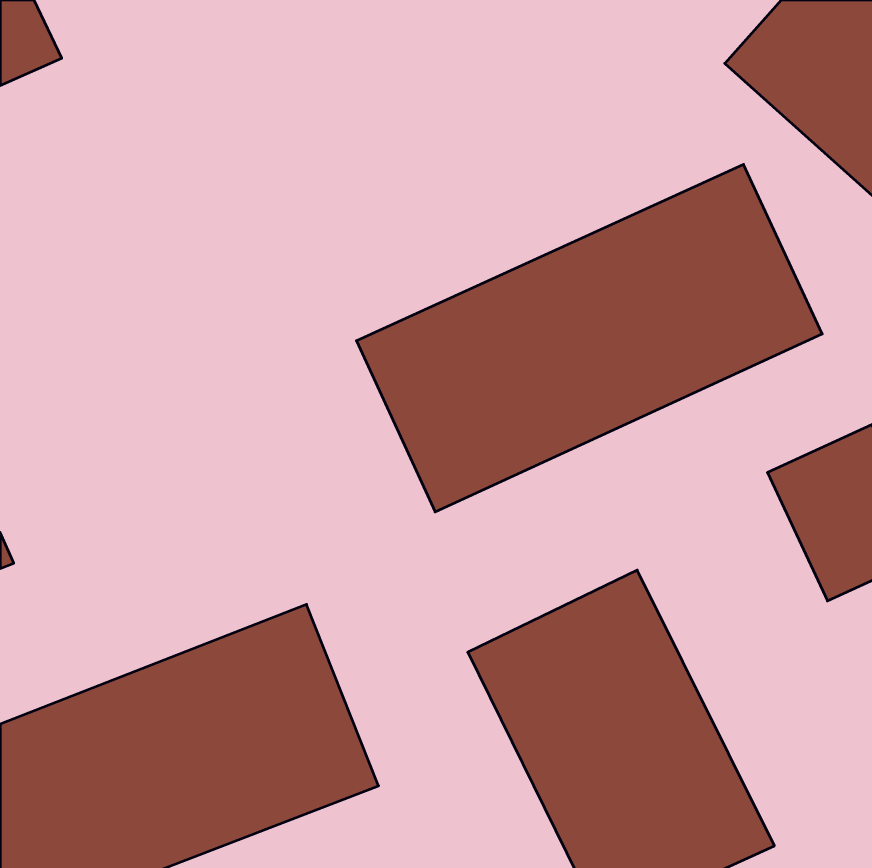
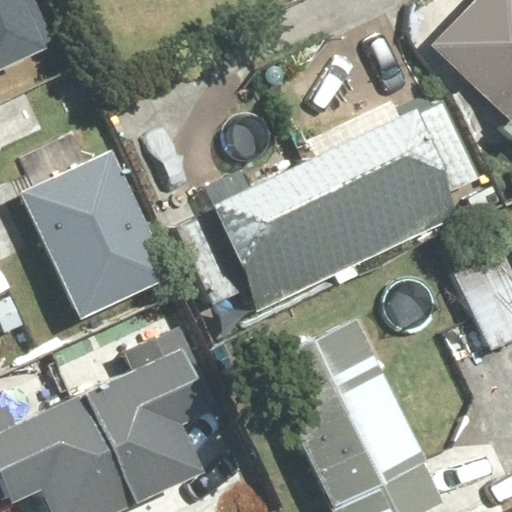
building: none -> [29,167,171,321]

